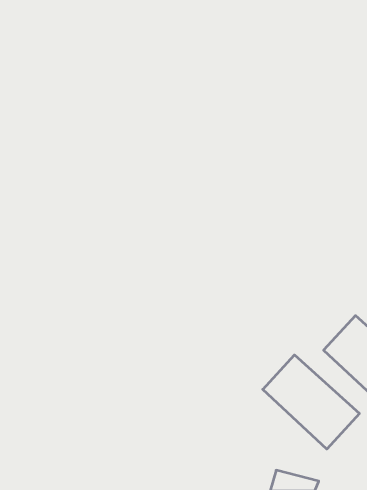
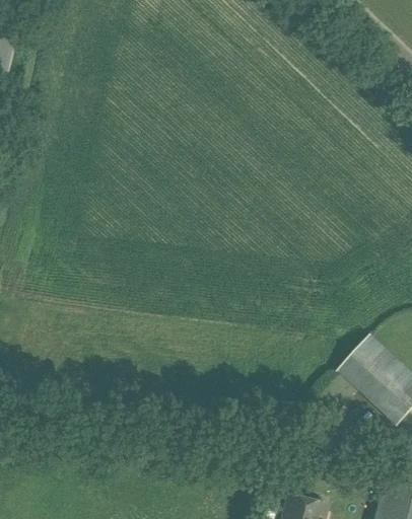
building: [263,355,359,449] -> none

